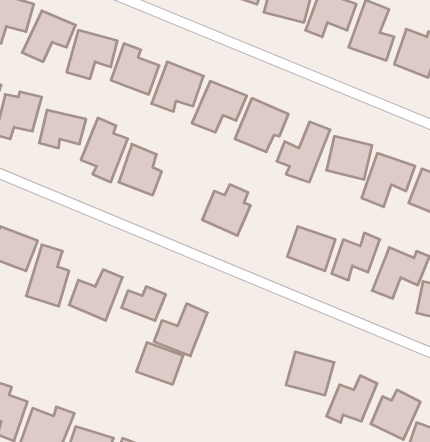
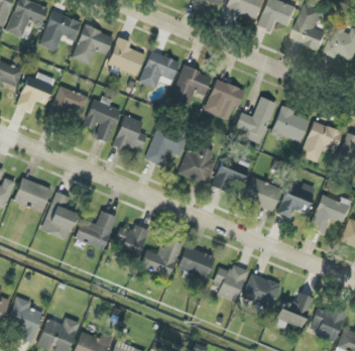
building: none -> [144,126,187,165]
building: none -> [212,156,247,192]
building: none -> [211,264,247,303]
building: [136,343,183,384] -> [178,246,214,278]

